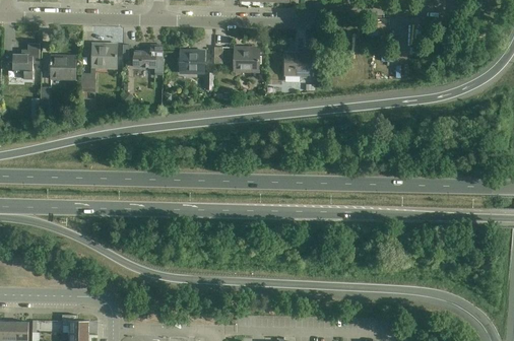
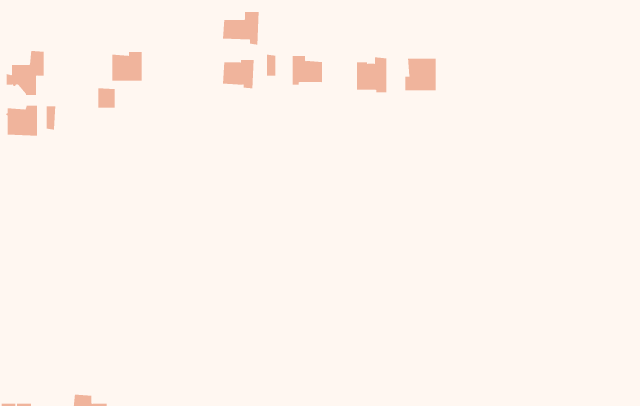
building: [133,46,163,72] -> [222,12,260,45]
building: none -> [405,58,436,91]
building: [50,56,75,80] -> [6,105,38,136]

